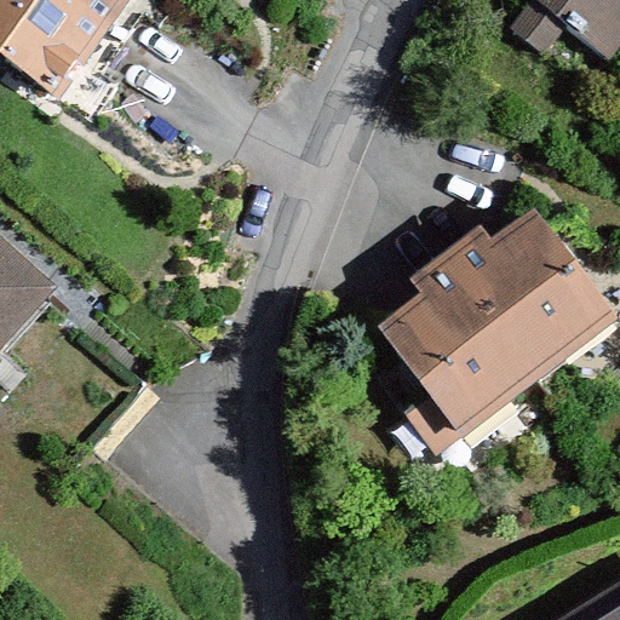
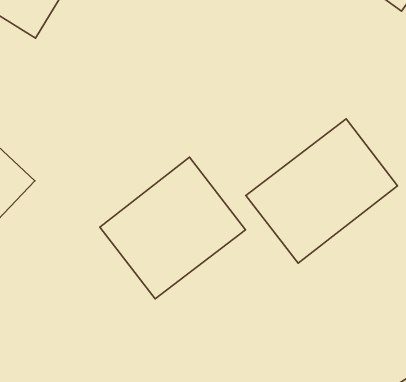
building: none -> [100,157,246,299]

